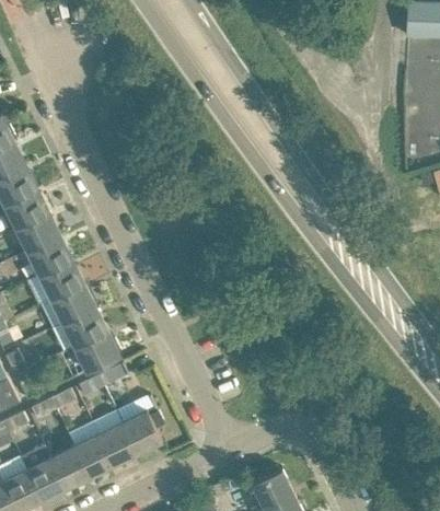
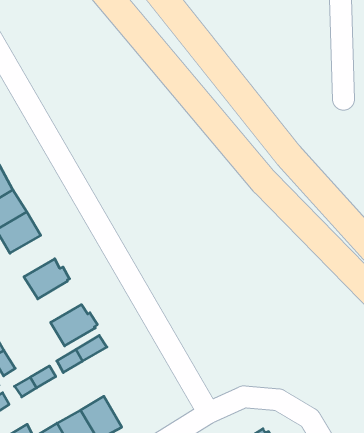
building: [38,259,82,299] -> none
building: [62,306,105,346] -> none
building: [120,395,163,454] -> none

